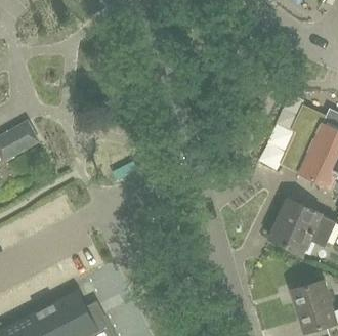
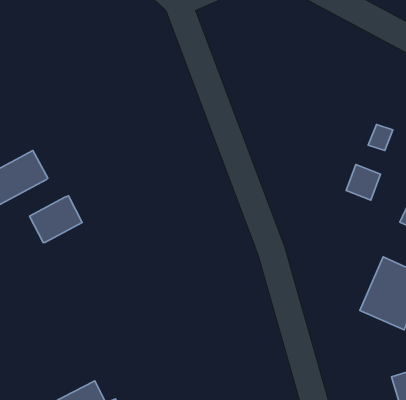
building: none -> [30,196,82,243]

